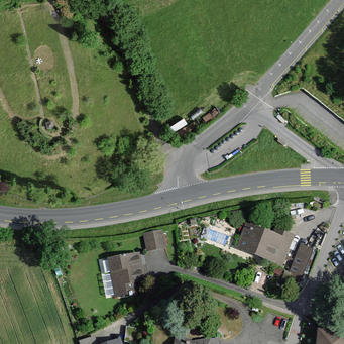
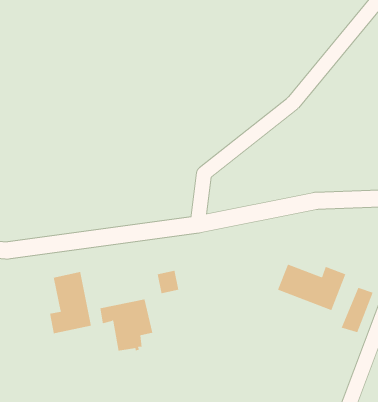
building: none -> [49,271,91,334]

